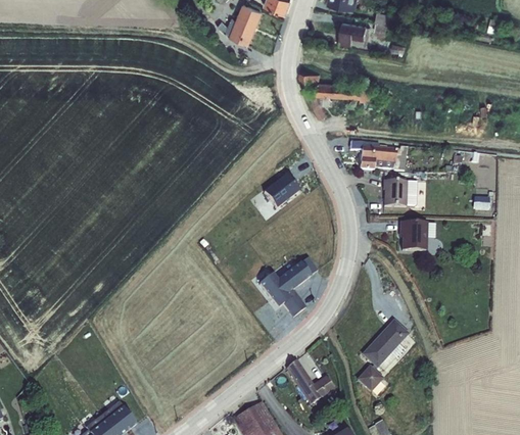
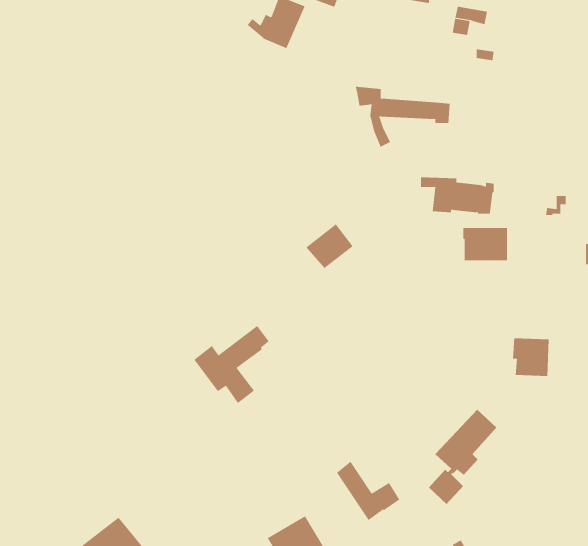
building: [339,20,373,47] -> none
building: [398,221,427,250] -> [512,338,550,377]
building: [259,256,318,317] -> [194,325,270,404]

